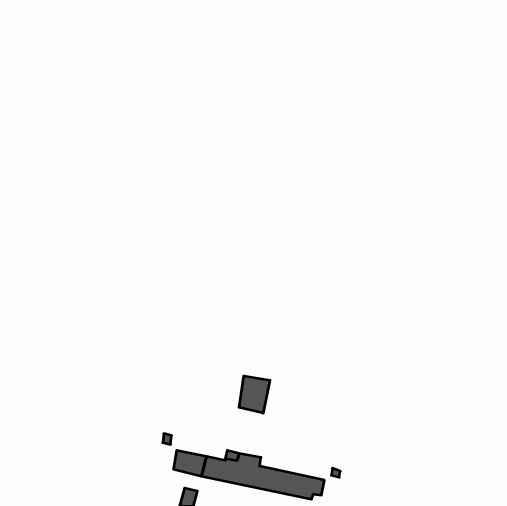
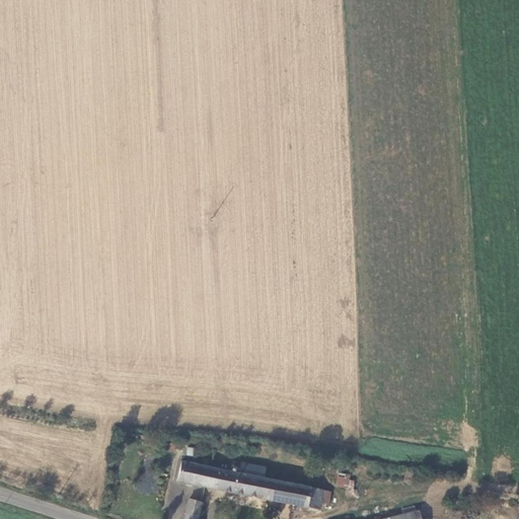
building: [239,376,270,413] -> none

